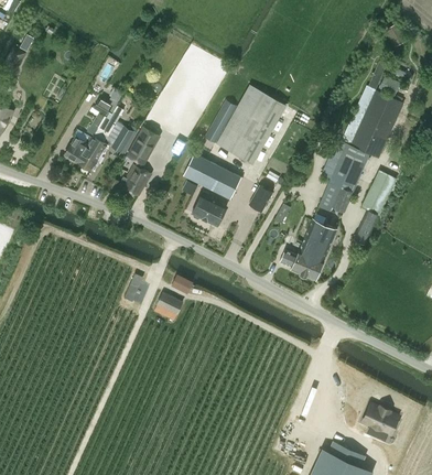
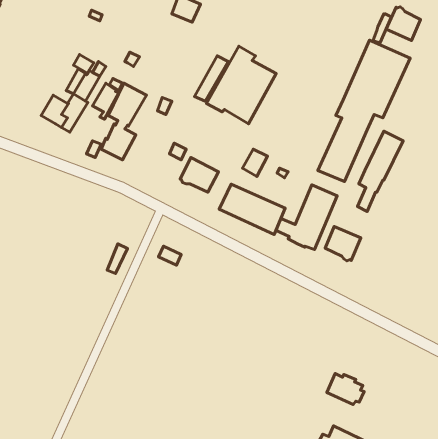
building: none -> [386,7,421,40]
building: [180,152,240,198] -> [219,184,285,234]
building: none -> [325,227,361,261]
building: [154,292,183,321] -> none
building: [365,404,399,433] -> [327,373,364,405]

